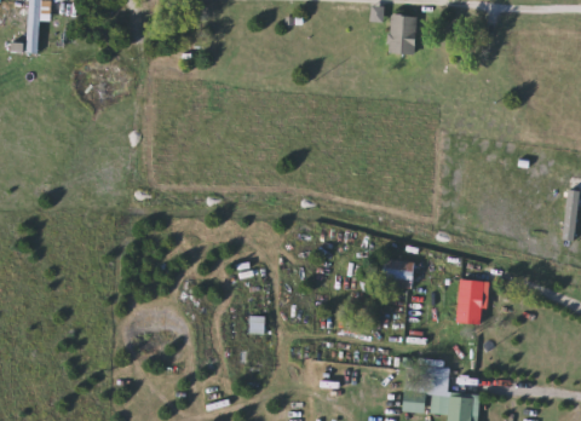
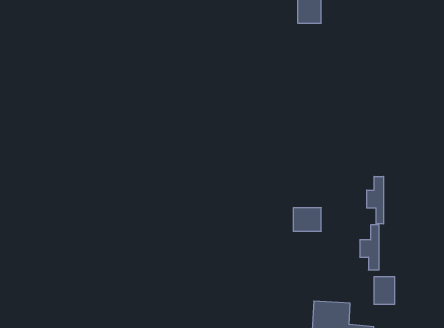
building: none -> [367,176,384,224]
building: none -> [374,277,395,304]

